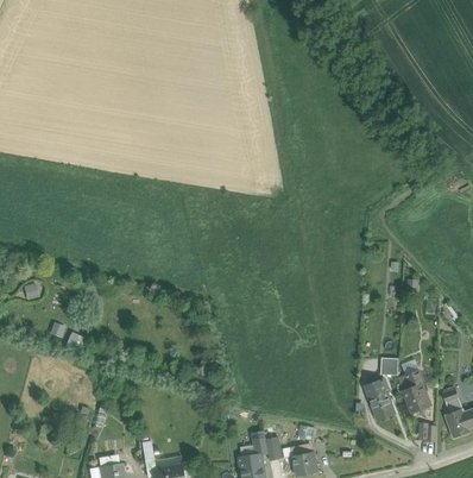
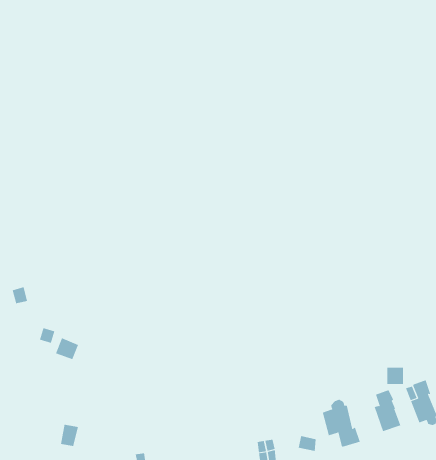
building: none -> [322,399,360,448]

